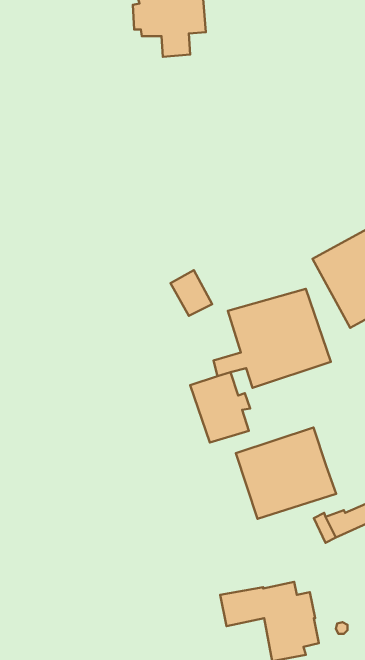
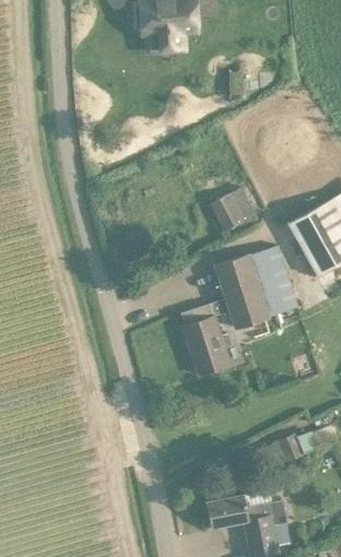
building: [171,270,212,316] -> [209,192,244,230]
building: [236,427,336,519] -> none

